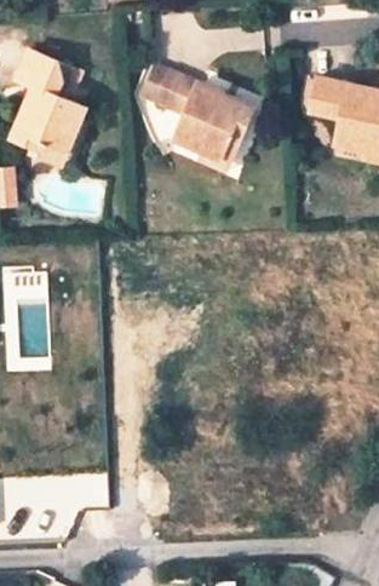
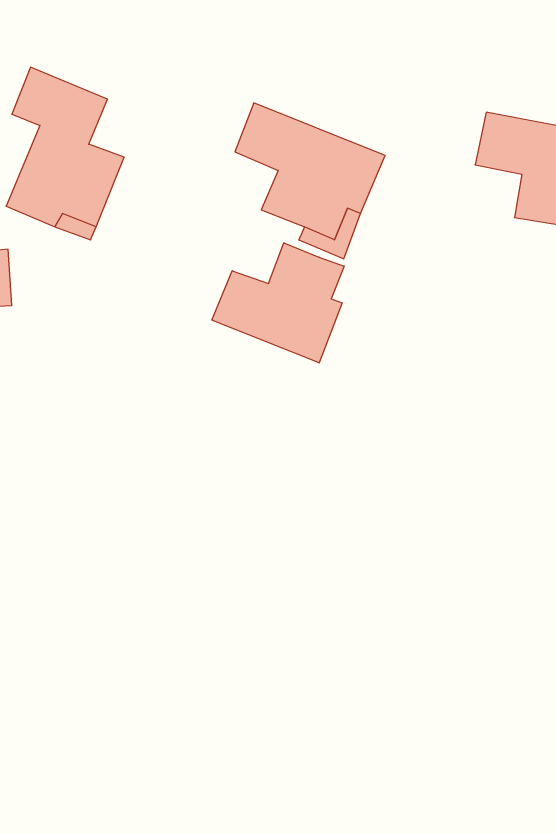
building: none -> [212,243,344,363]

